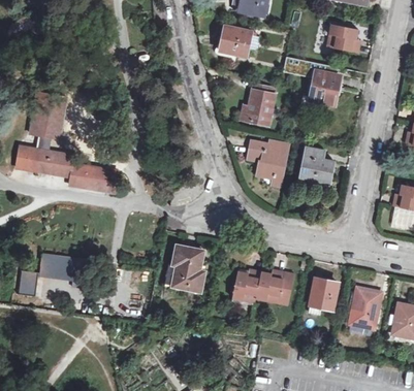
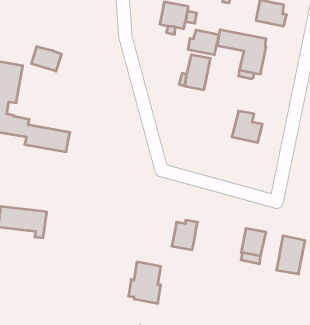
building: none -> [188,30,219,55]
building: none -> [31,46,61,71]
building: [248,140,288,186] -> none
building: [166,243,202,290] -> [128,262,161,303]
building: [256,269,284,302] -> none

